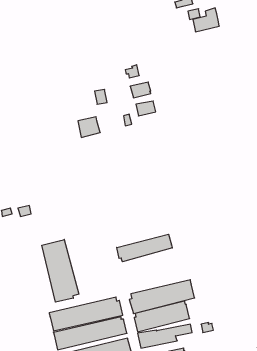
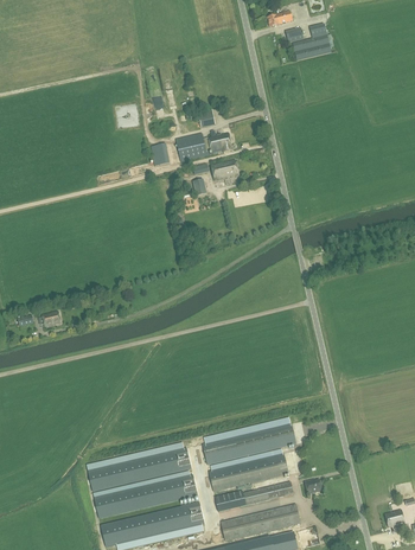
building: [78,117,100,137] -> [174,133,206,162]
building: [117,234,172,262] -> none
building: [42,239,79,302] -> none

